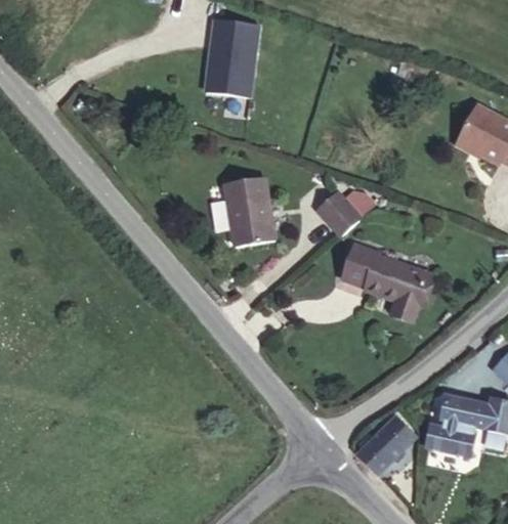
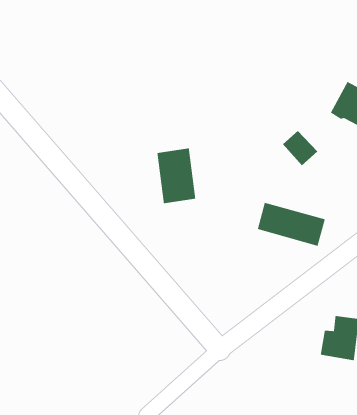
building: [197,16,249,94] -> none
building: [323,196,368,242] -> [282,130,318,166]
building: [359,416,415,468] -> none

